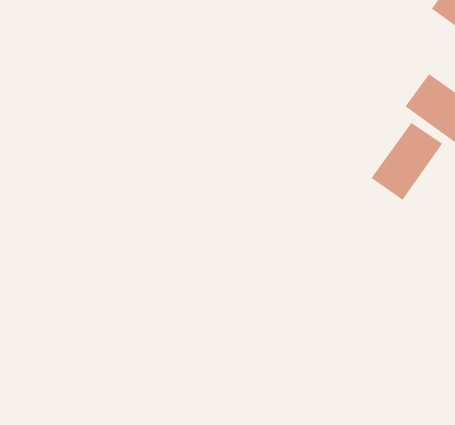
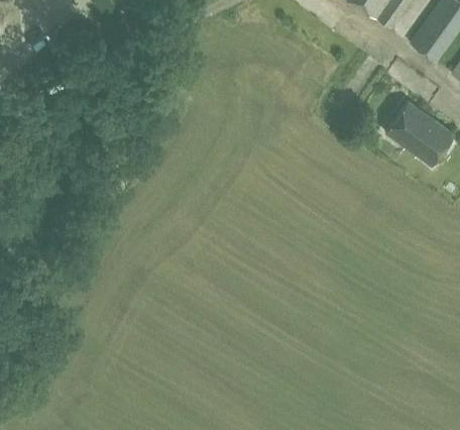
building: [370,122,443,201] -> none

